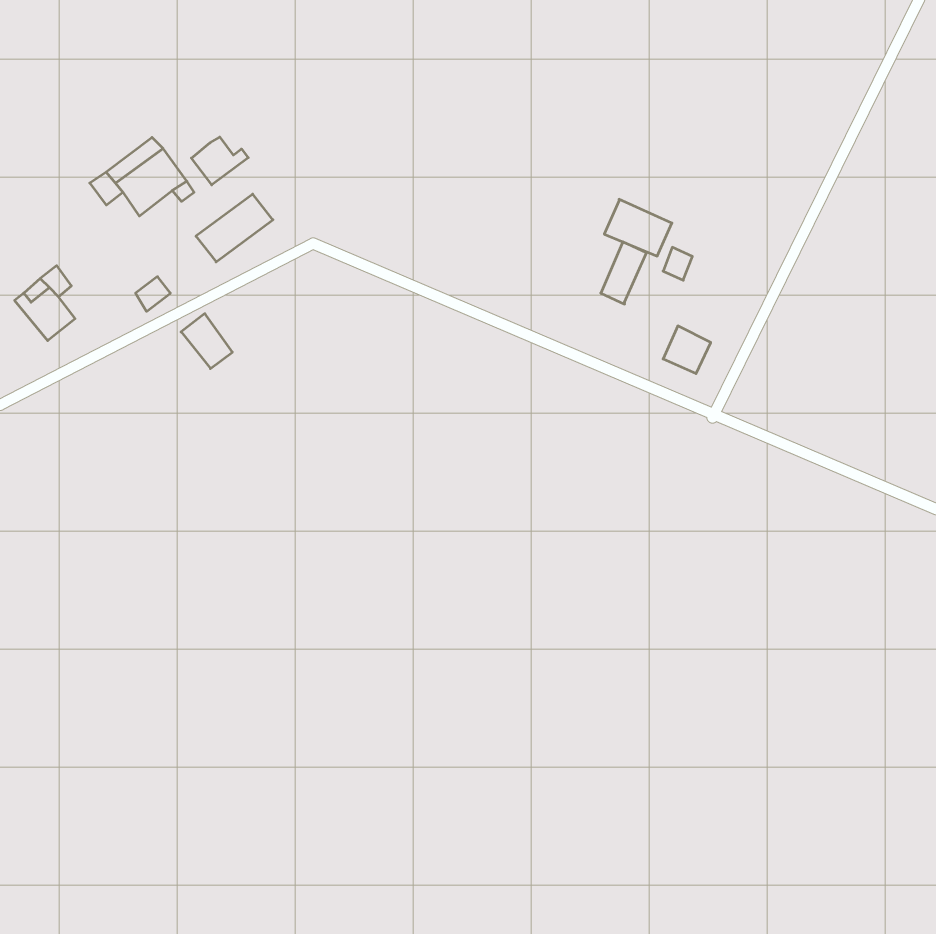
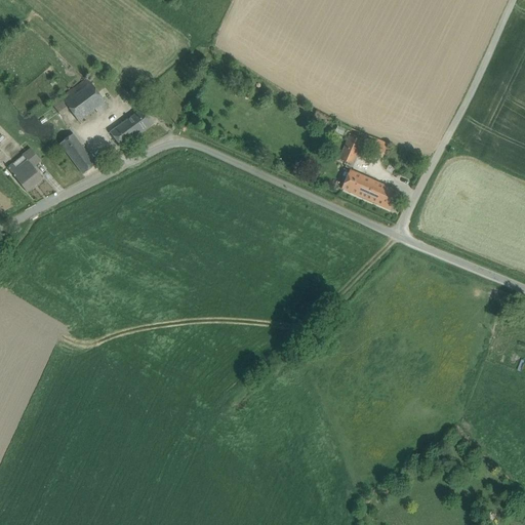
building: [191,137,248,185] -> none
building: [604,199,672,256] -> [341,169,379,201]
building: [181,314,232,369] -> [59,133,88,164]

